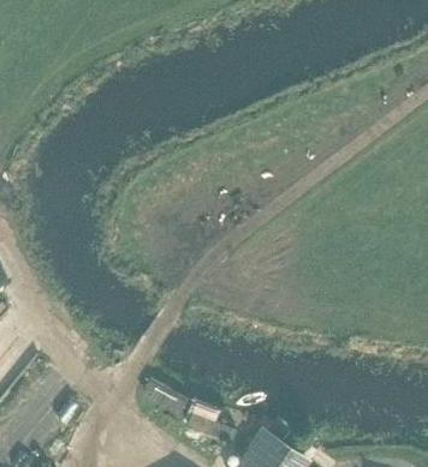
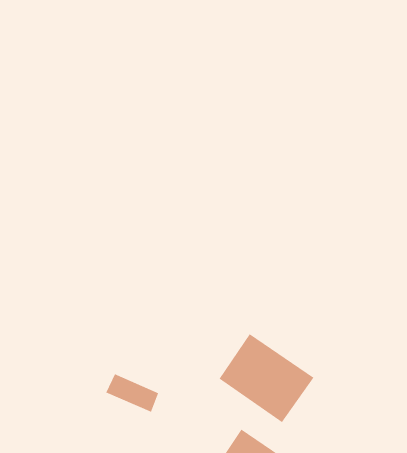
building: none -> [219,333,314,423]

